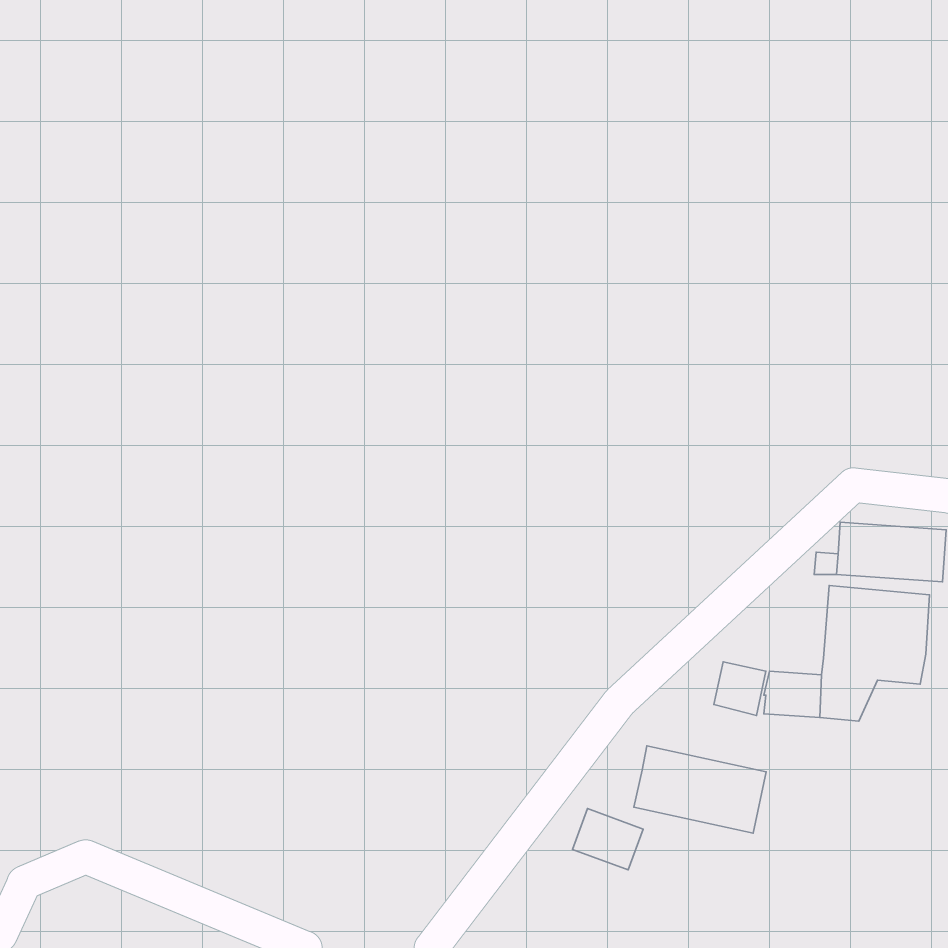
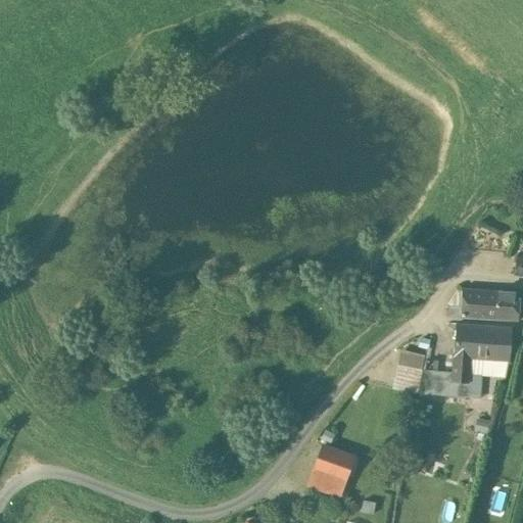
building: [634,746,766,833] -> none
building: none -> [310,467,346,494]

